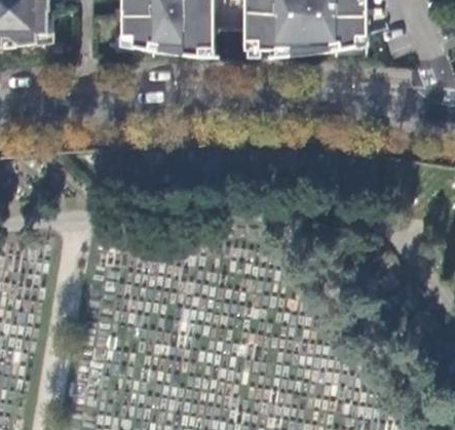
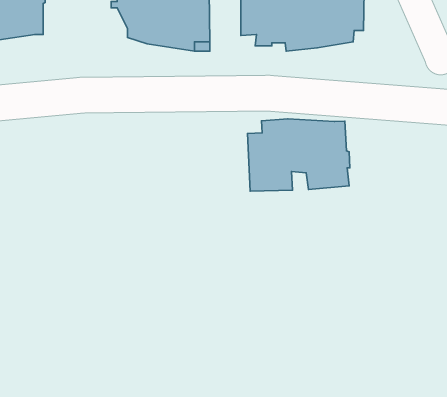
building: none -> [248,119,350,191]

